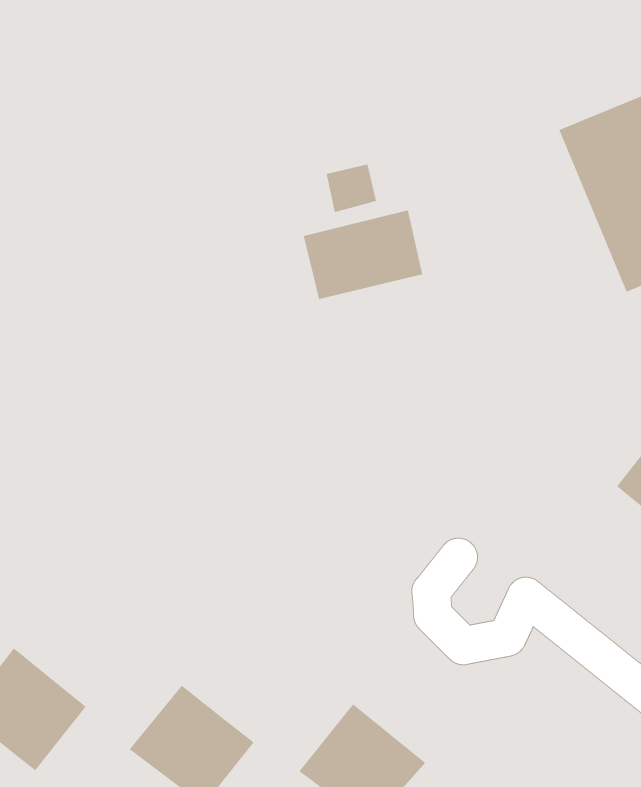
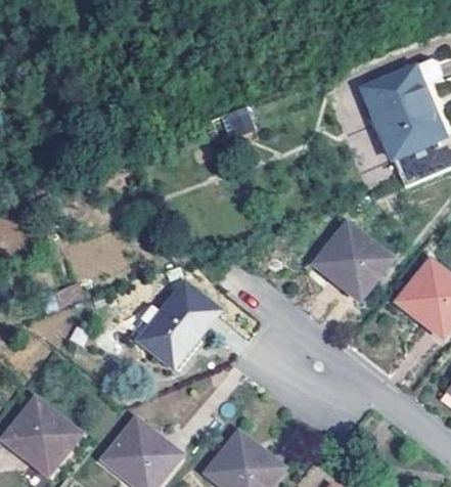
building: [303,209,423,300] -> none
building: none -> [312,225,389,301]
building: none -> [137,284,216,367]

